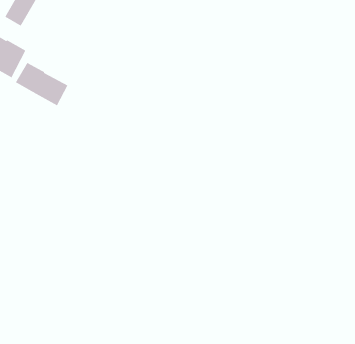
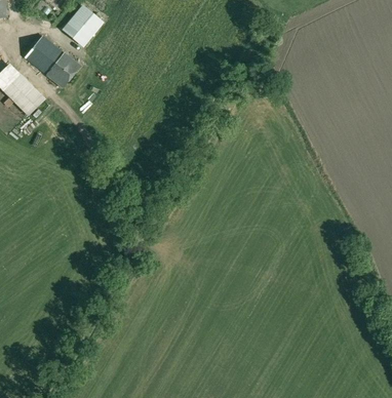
building: [15,62,68,106] -> none

